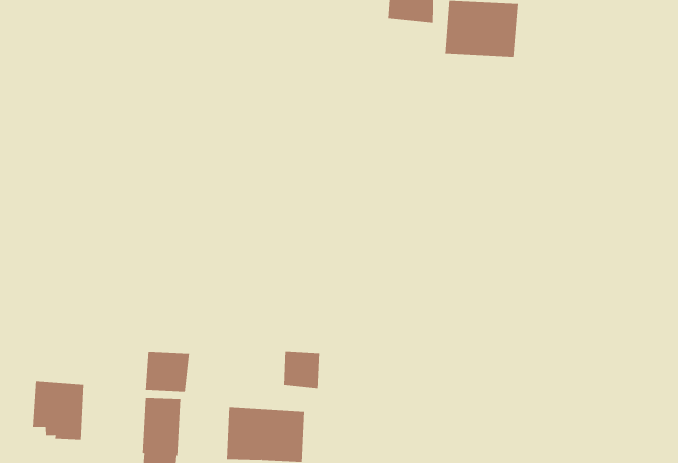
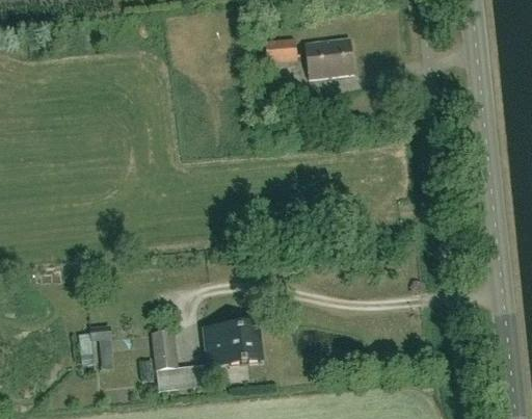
building: [283,351,320,389] -> none
building: [145,351,190,393] -> none

